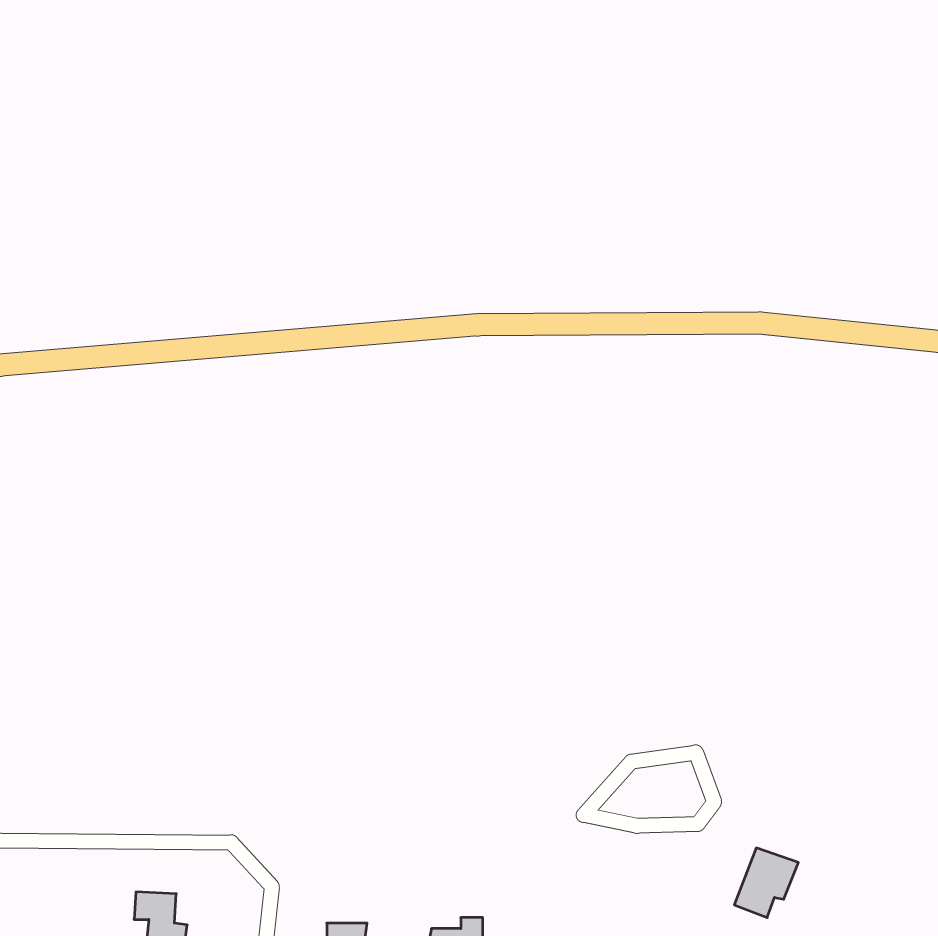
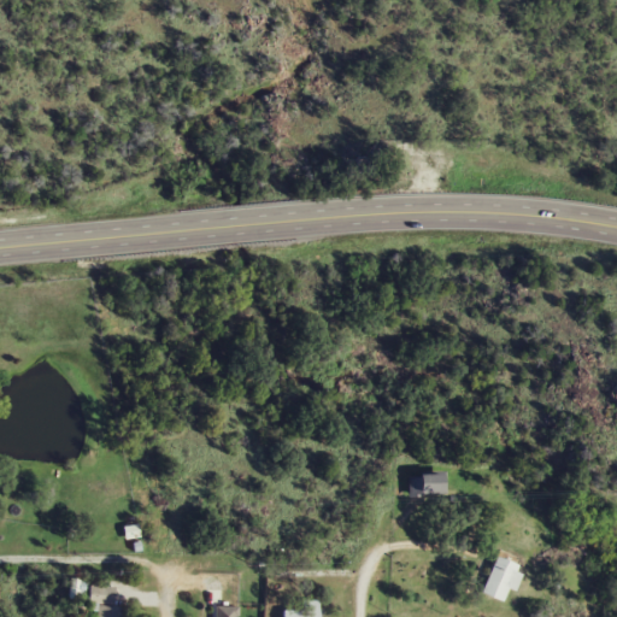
building: none -> [407,476,446,494]

